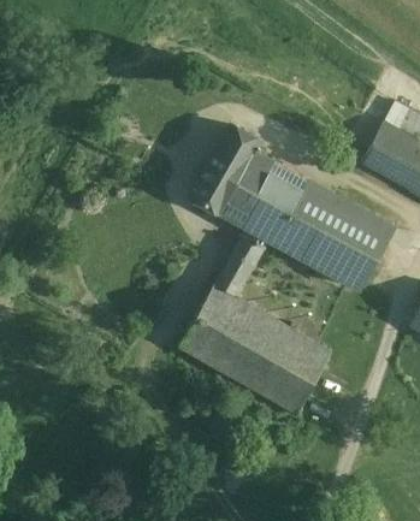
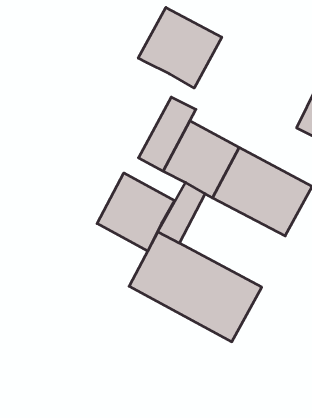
building: none -> [138,7,222,88]
building: none -> [97,173,175,251]

